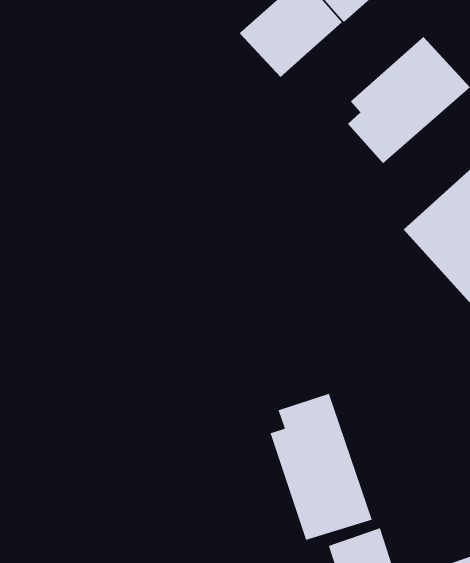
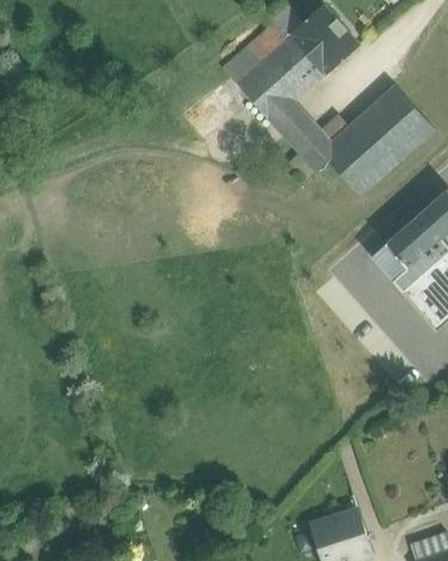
building: none -> [270,102,339,174]
building: [270,393,373,541] -> none

